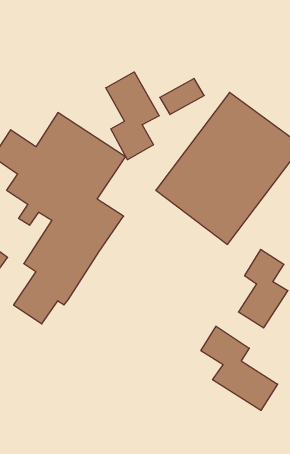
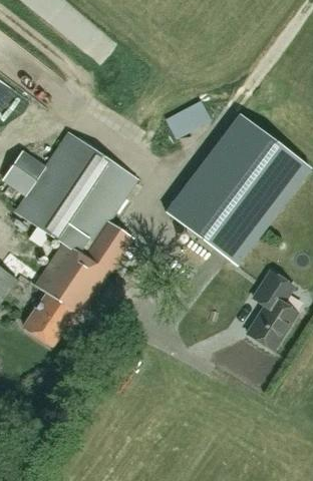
building: [106,72,159,160] -> none
building: [201,326,278,410] -> none

